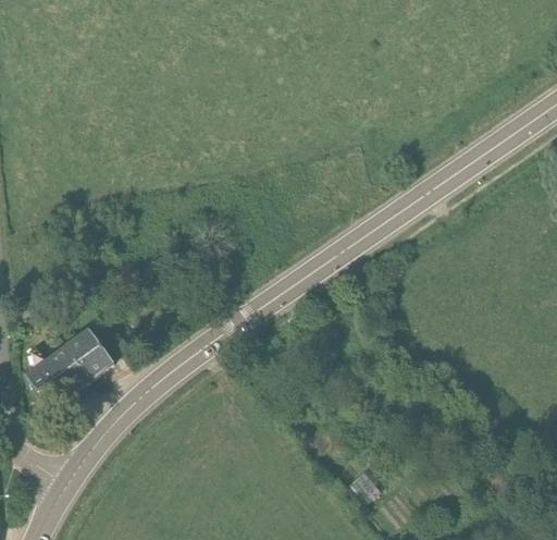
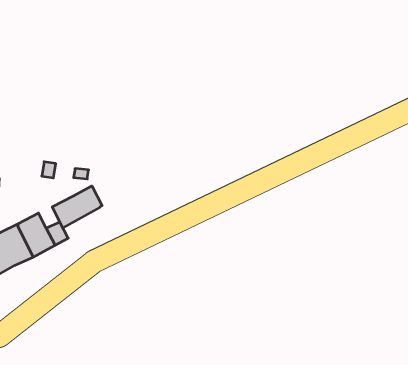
building: none -> [52,186,102,228]

